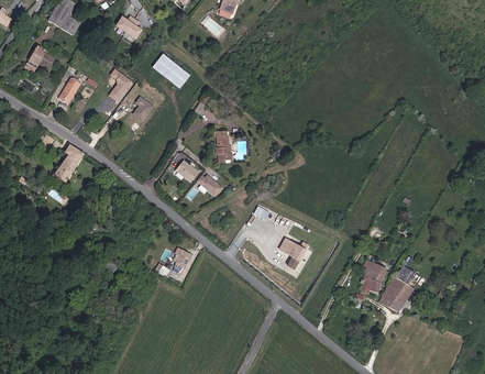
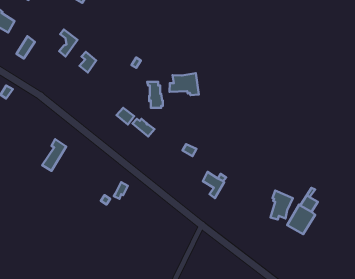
building: [152,53,188,87] -> none
building: none -> [170,73,199,95]
building: [54,144,82,182] -> [42,139,66,171]

